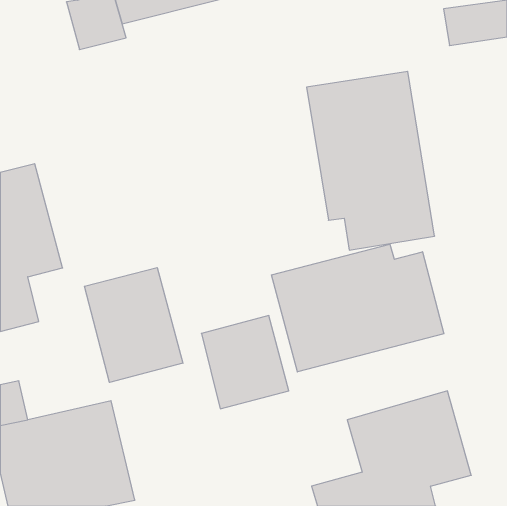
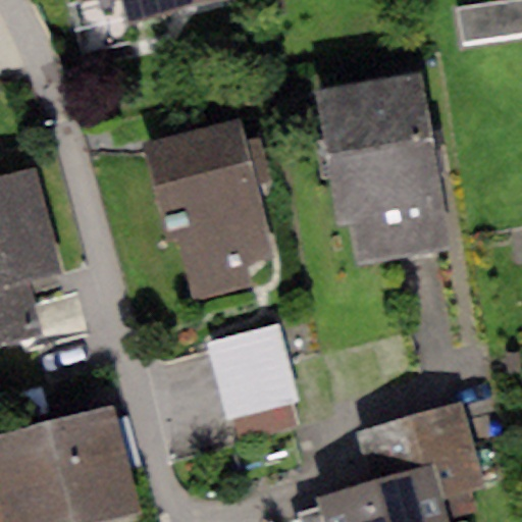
building: none -> [150,121,274,304]
building: [272,244,444,372] -> none
building: [84,268,183,382] -> none

